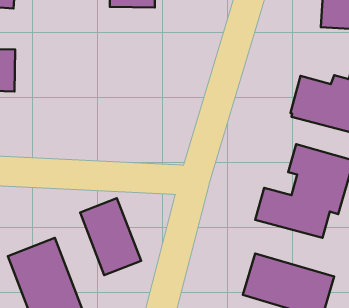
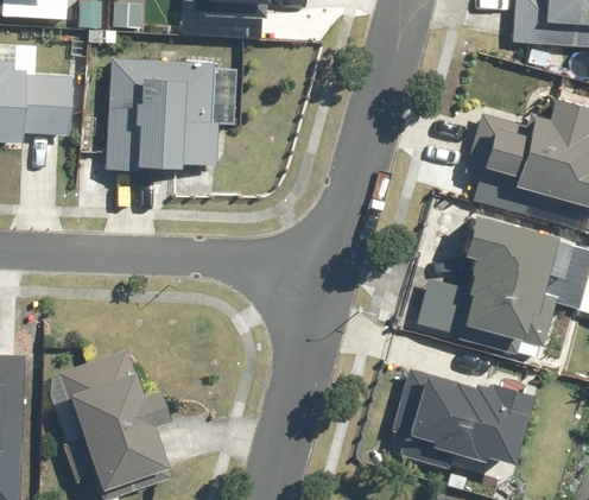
building: none -> [106,59,218,170]
building: [80,198,141,275] -> none

